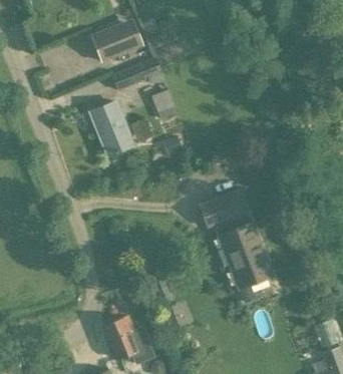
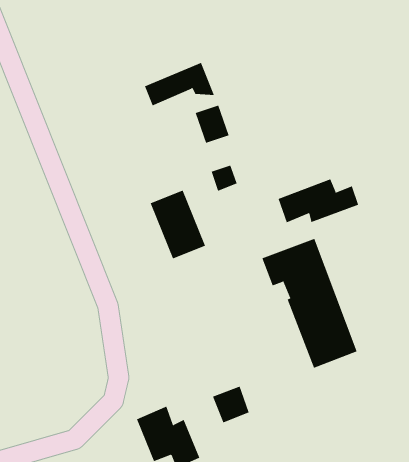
building: [92,26,142,61] -> none
building: [91,102,133,154] -> [150,190,206,259]
building: none -> [278,179,359,223]

